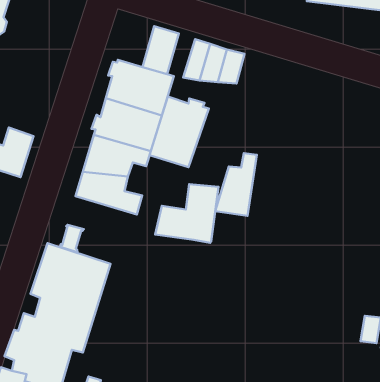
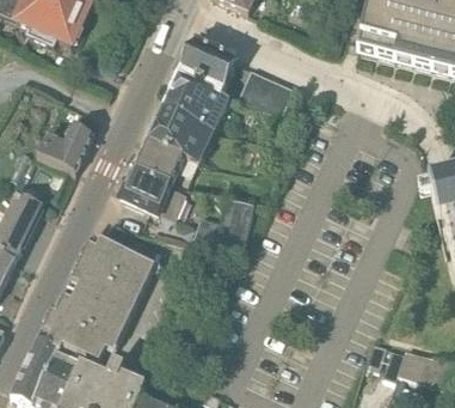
building: none -> [177,38,215,84]
building: [150,96,209,167] -> none
building: [215,153,257,216] -> none

